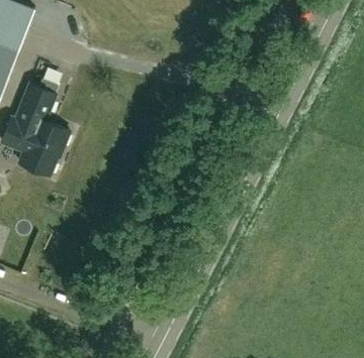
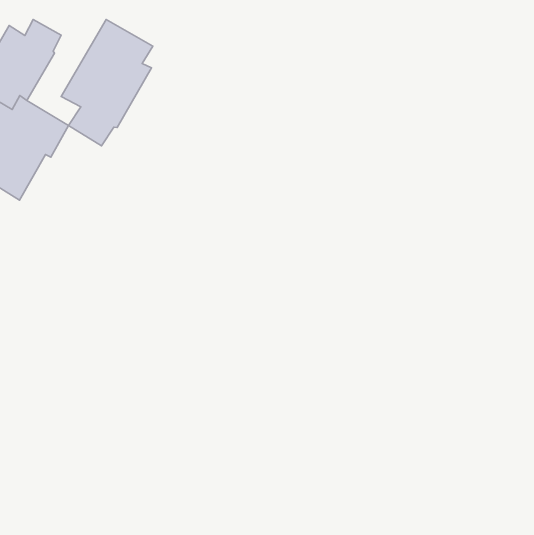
building: none -> [61,20,153,146]

